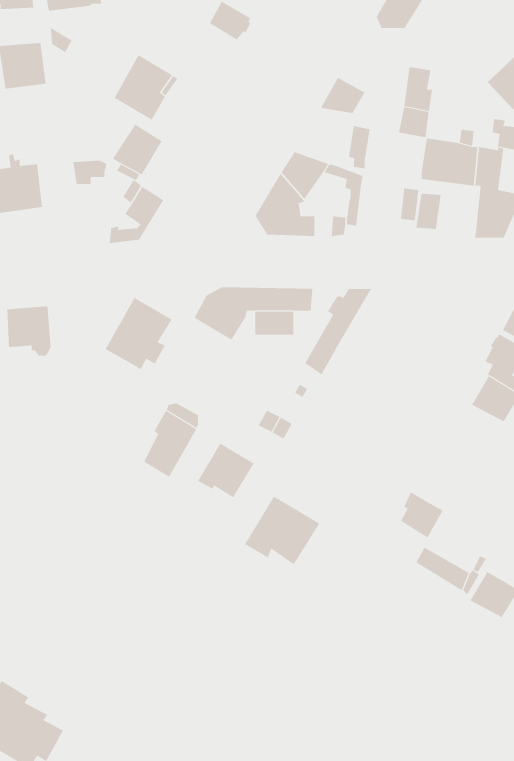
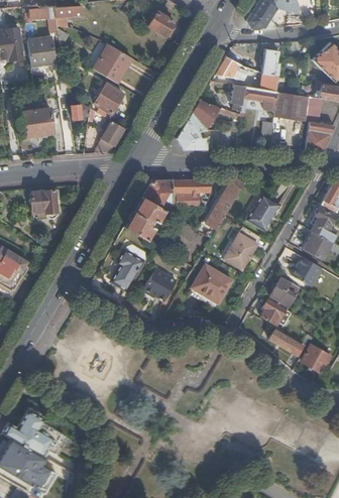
building: none -> [241,88,276,113]
building: [105,297,172,370] -> [124,198,163,240]
building: none -> [247,194,280,231]
building: none -> [224,226,261,270]
building: none -> [292,257,321,286]
building: none -> [269,277,296,309]
building: [244,496,320,565] -> [188,265,232,305]

